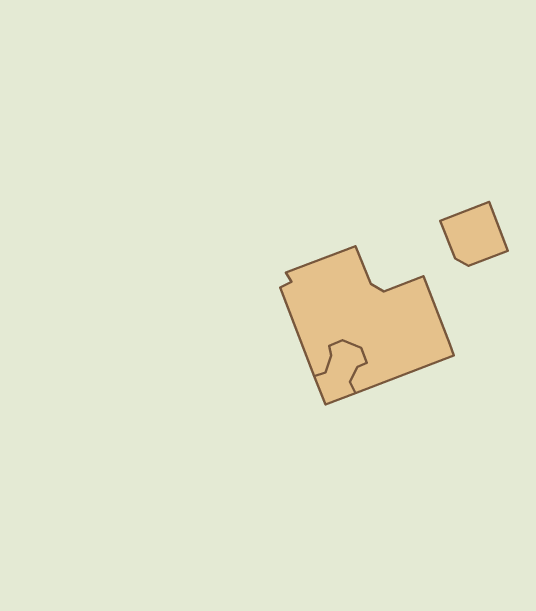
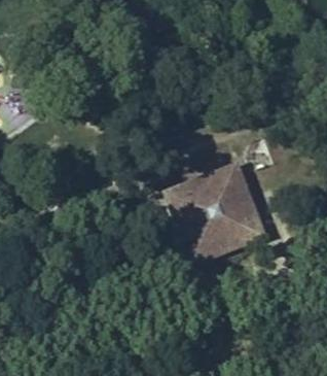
building: [440,202,508,266] -> [207,164,244,199]

